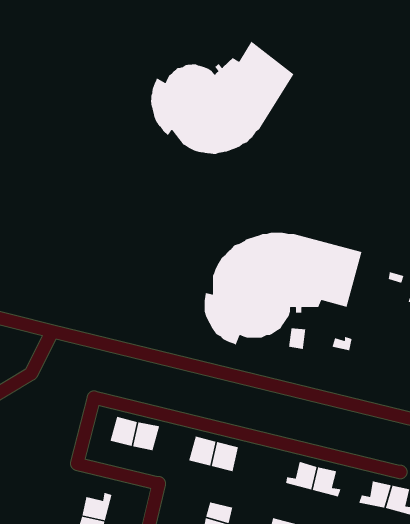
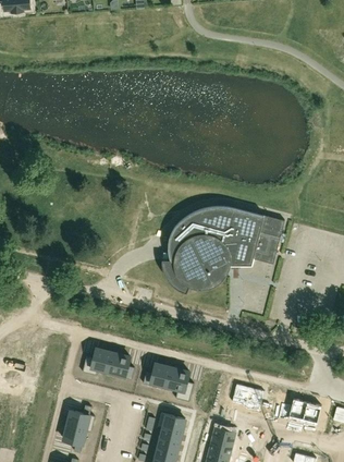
building: [150,40,295,155] -> none

